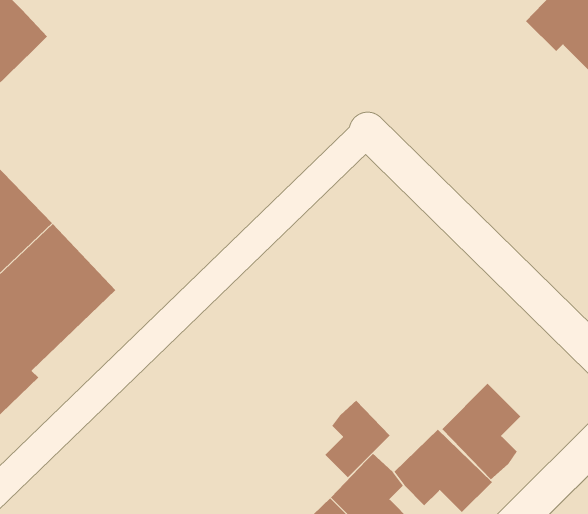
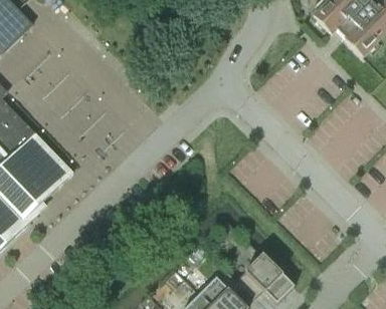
building: [441,383,521,480] -> none
building: [325,400,390,478] -> none

